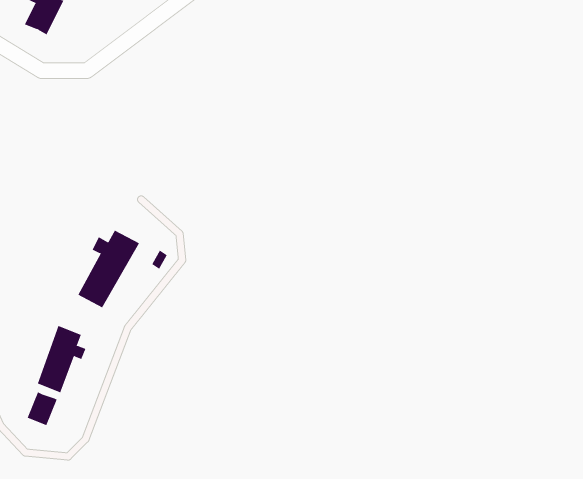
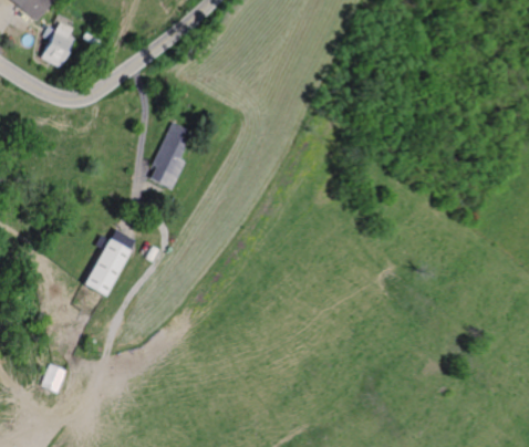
building: none -> [151,123,194,189]
building: [37,325,86,393] -> none

